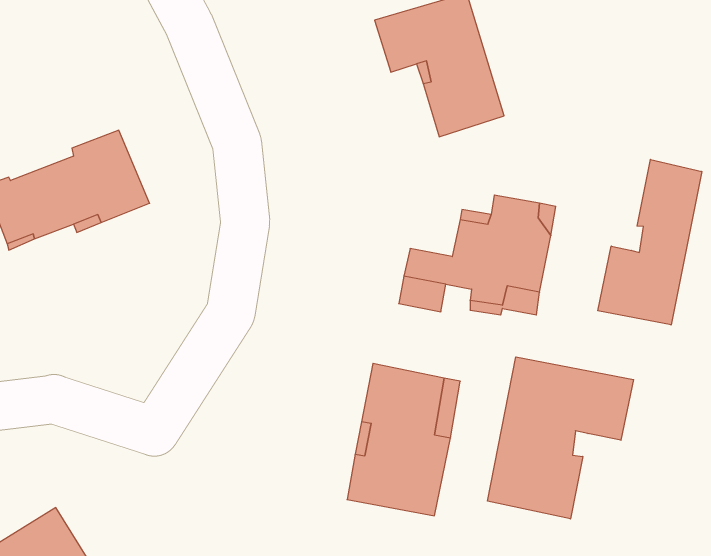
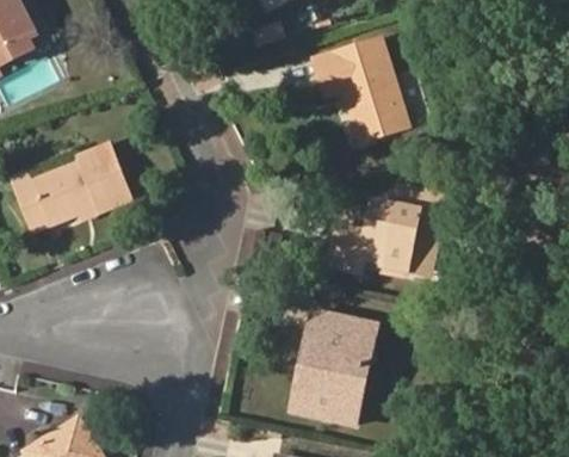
building: [598,159,702,325] -> none
building: [488,357,634,519] -> none

